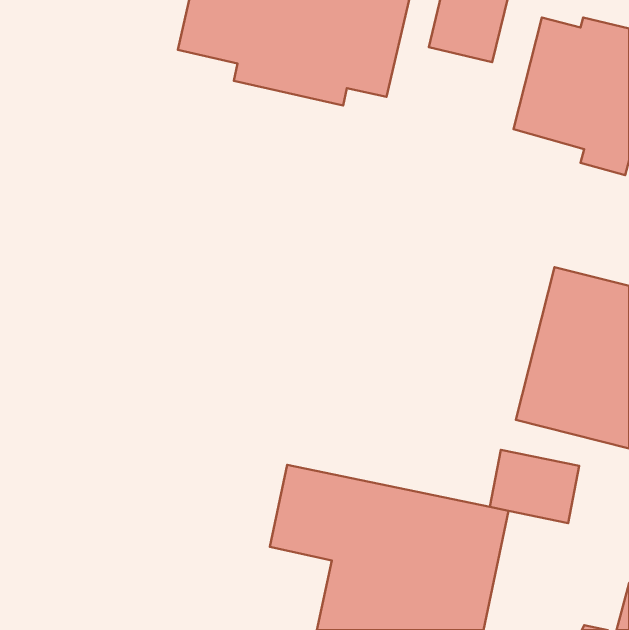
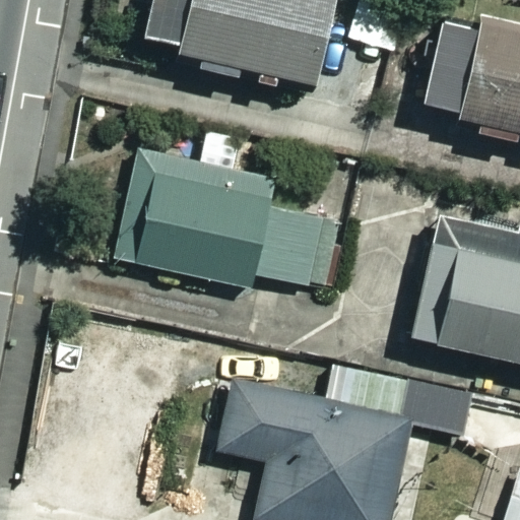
building: none -> [122,124,338,285]

